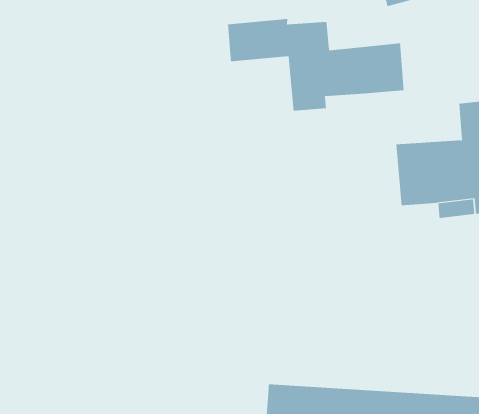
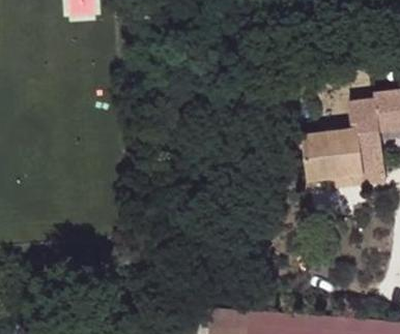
building: [227,18,404,112] -> none

